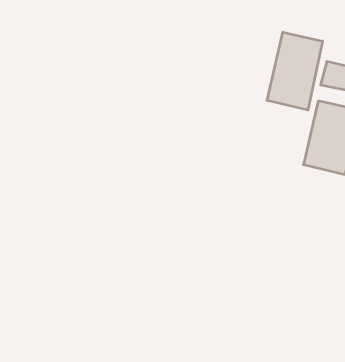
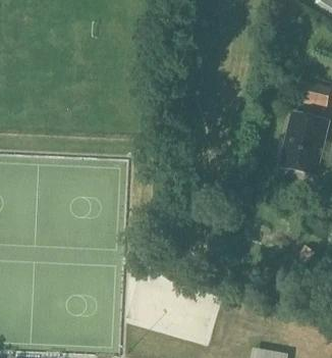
building: [267,32,323,110] -> none

